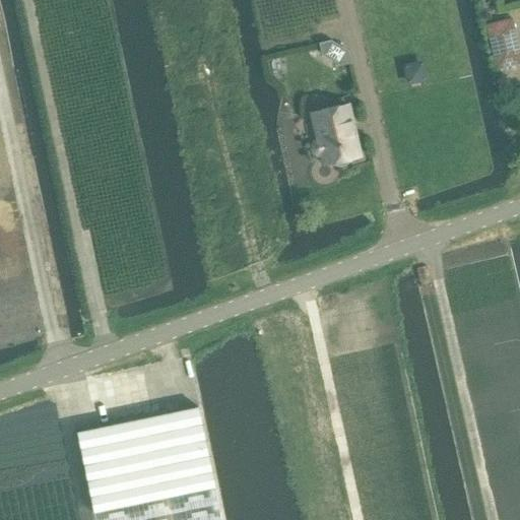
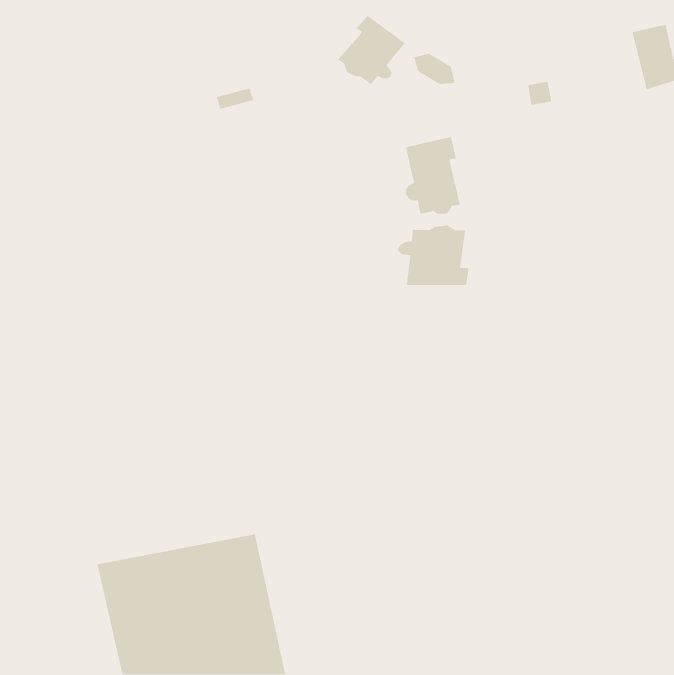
building: none -> [337,15,406,85]
building: none -> [397,224,469,286]

